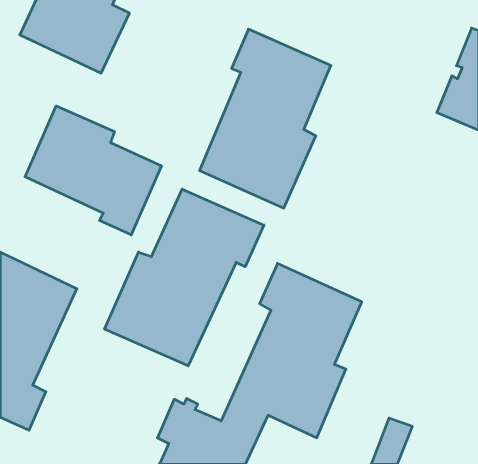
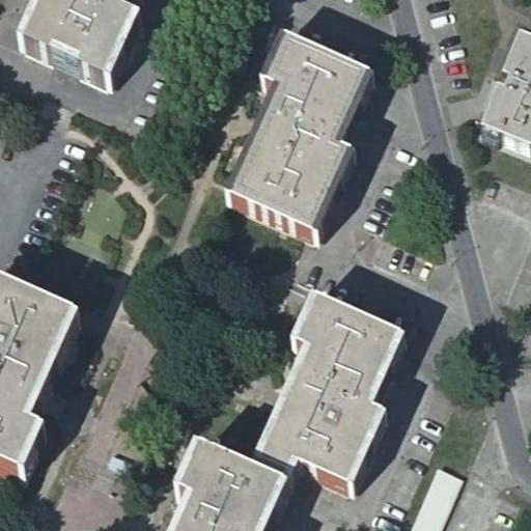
building: [25,106,161,235] -> none
building: [105,189,264,366] -> none

